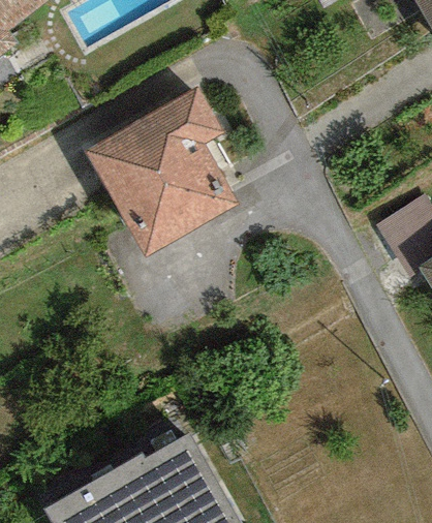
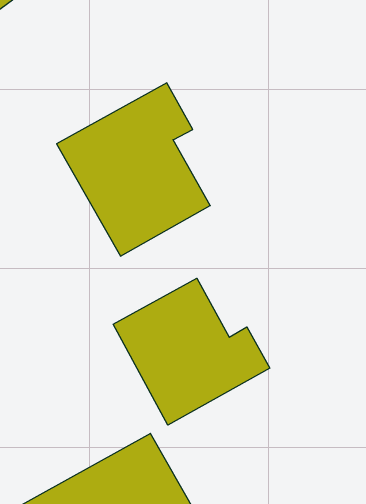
building: none -> [113,278,270,425]

